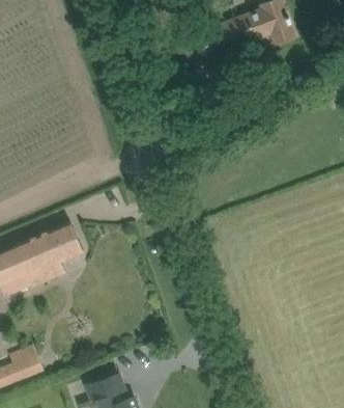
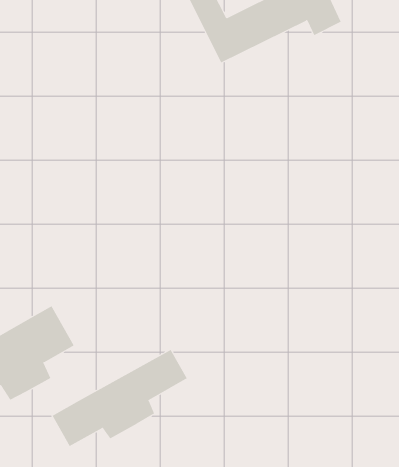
building: none -> [52,349,187,447]

